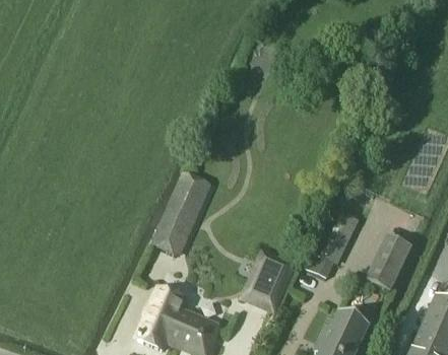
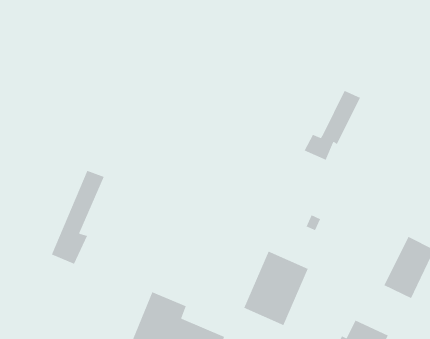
building: [154,166,203,252] -> [51,170,105,265]
building: [306,211,358,275] -> [303,90,361,161]

